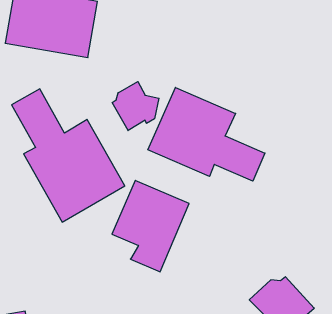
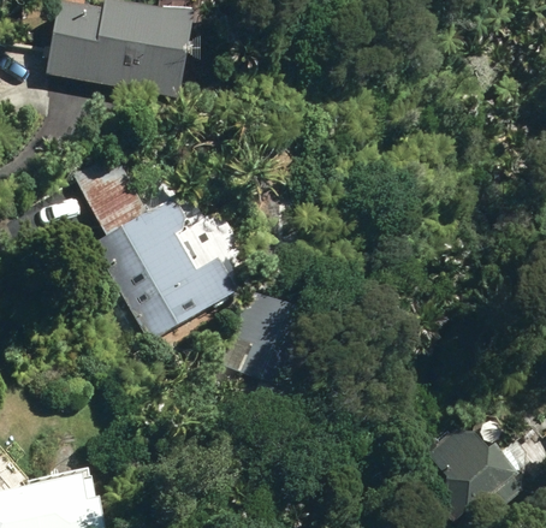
building: [112,82,159,131] -> none
building: [148,87,265,181] -> none

